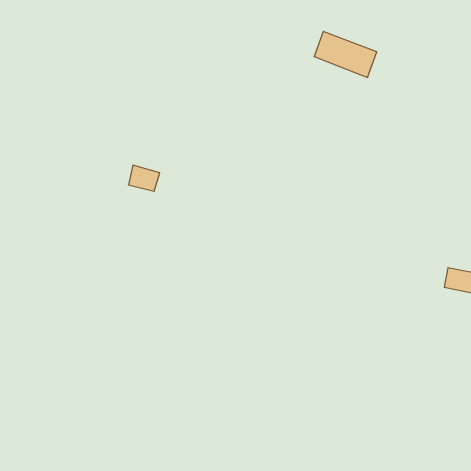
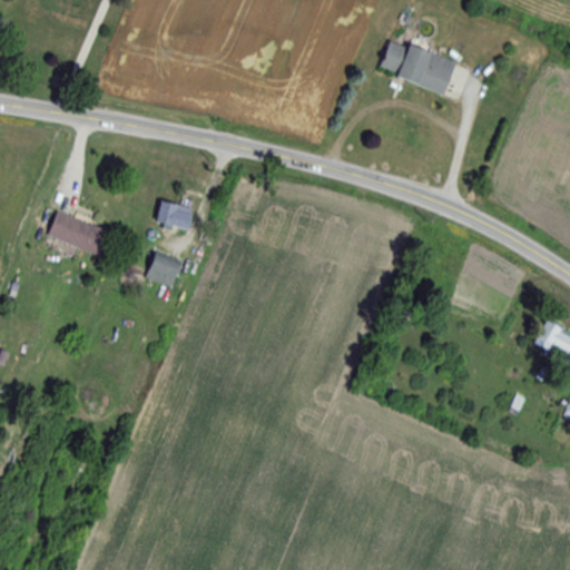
building: none -> [49,213,110,254]
building: none -> [146,253,181,287]

